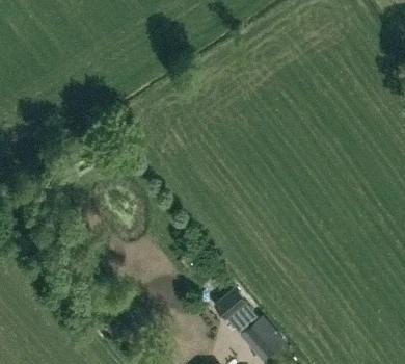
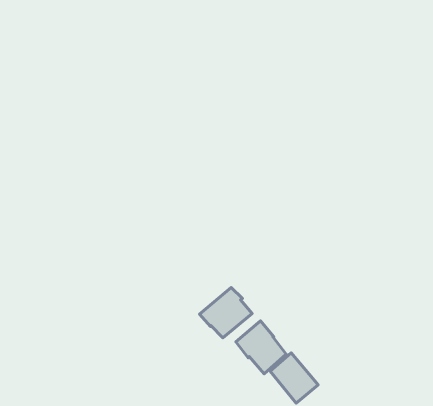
building: none -> [200,287,252,338]

